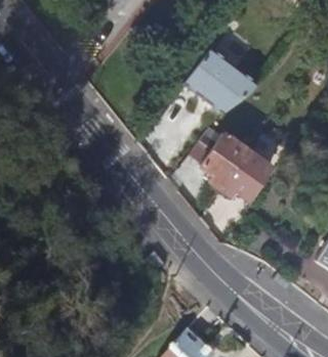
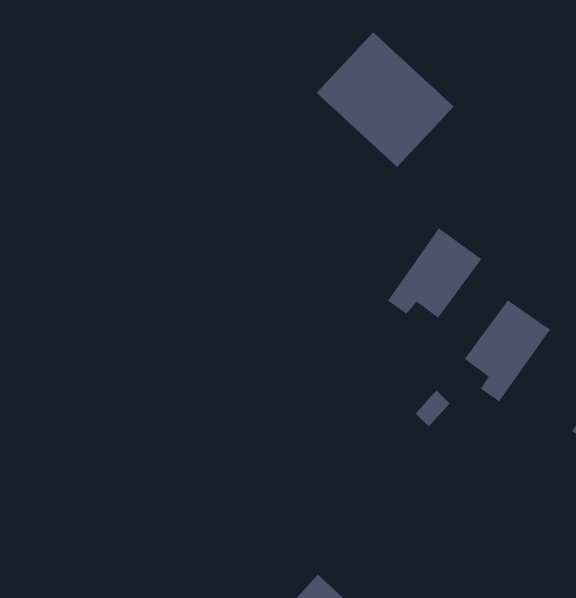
building: [204,134,249,187] -> [464,299,551,402]

